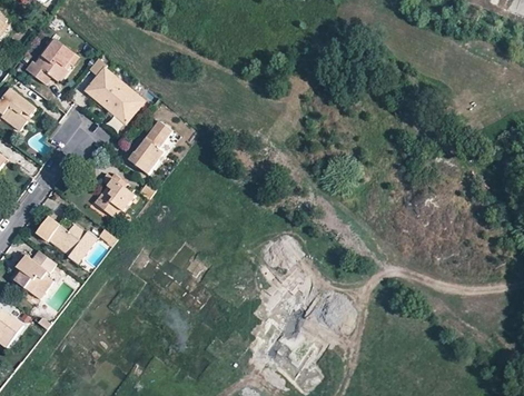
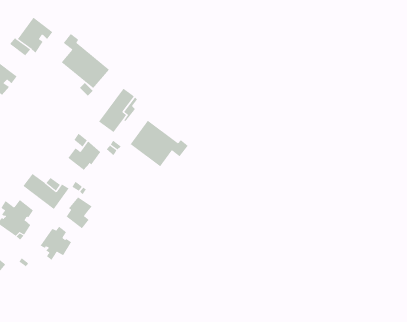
building: none -> [130,120,189,167]
building: none -> [66,197,92,229]
building: none -> [40,226,72,261]

